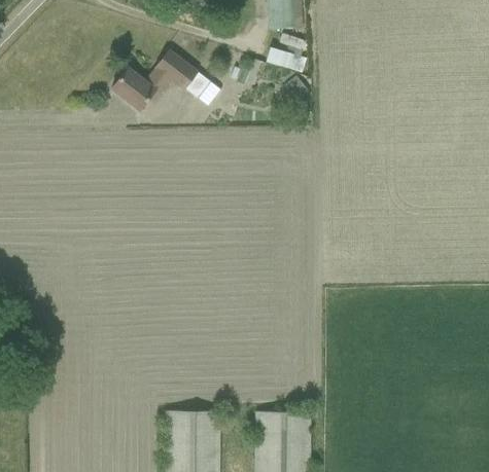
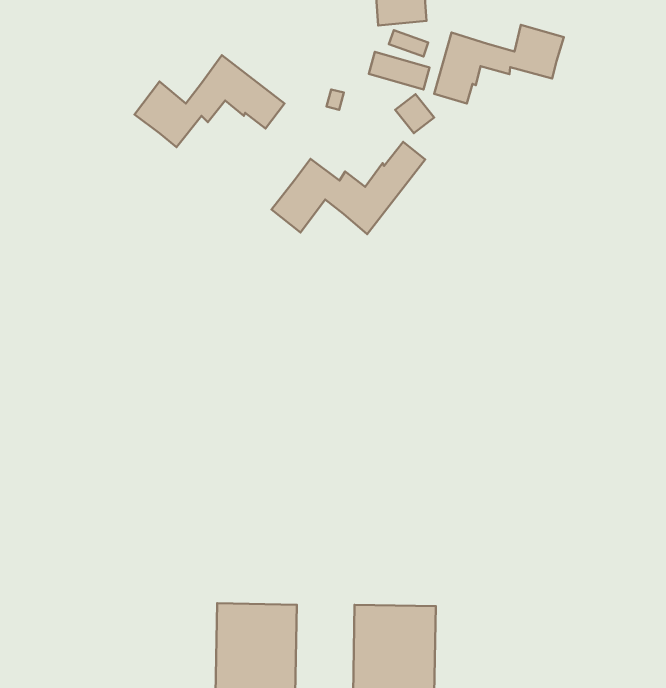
building: none -> [434,25,564,103]
building: none -> [271,142,425,234]

